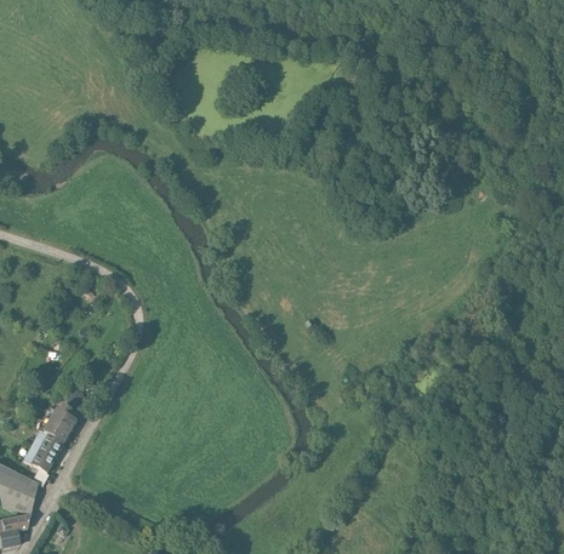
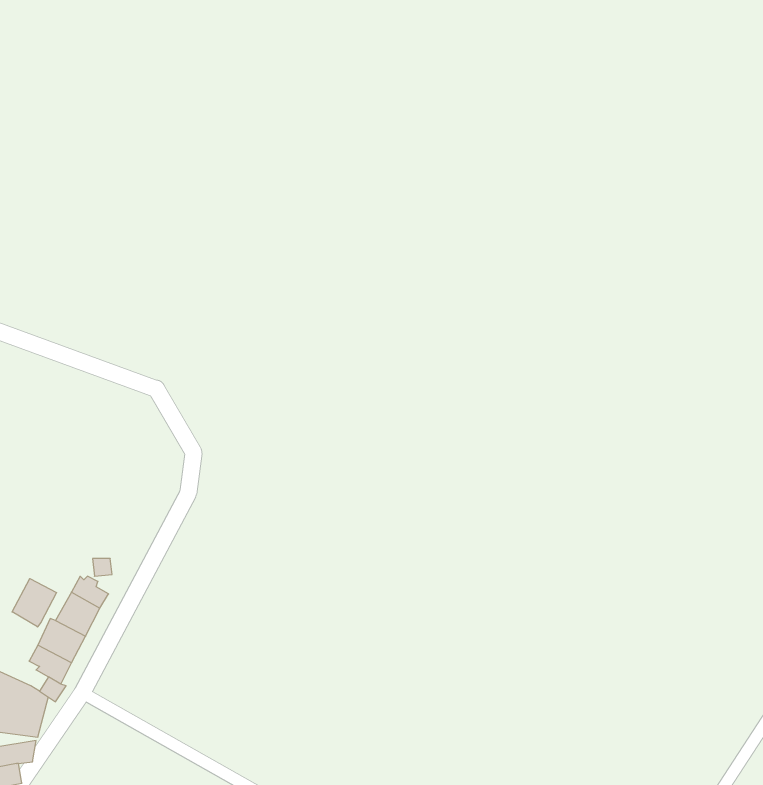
building: none -> [12,579,57,627]

